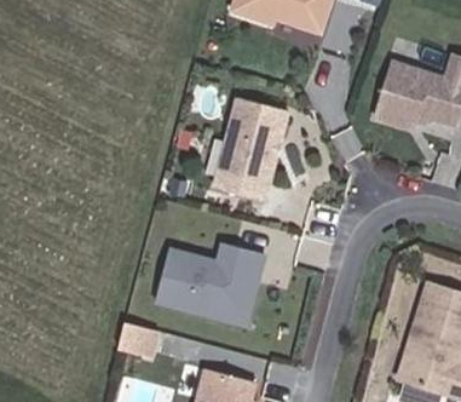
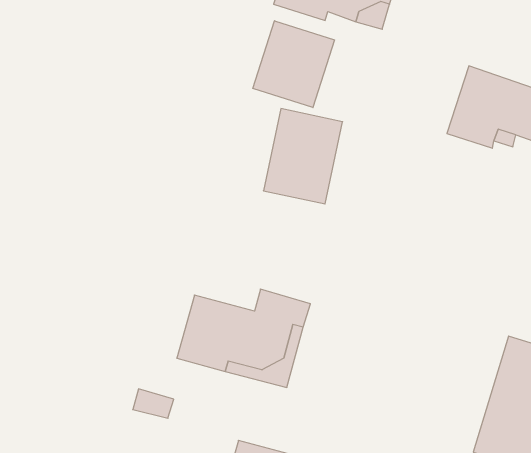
building: none -> [253,21,335,108]

